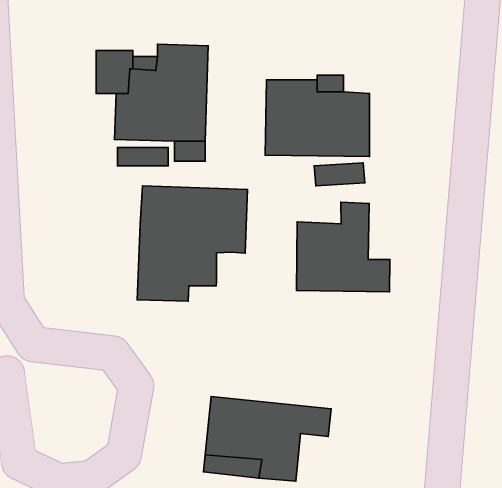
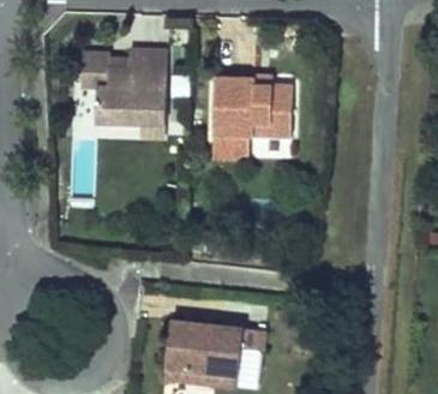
building: [137,186,247,301] -> none
building: [296,202,390,292] -> none

